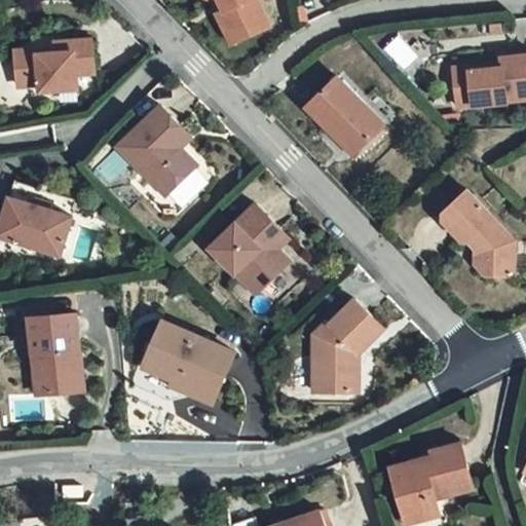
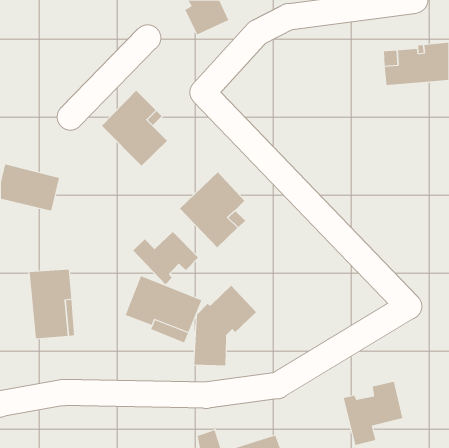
building: [11,41,89,90] -> none
building: [303,78,378,157] -> none
building: [440,192,512,278] -> none
building: none -> [132,231,199,285]
building: [306,300,380,394] -> [194,285,257,366]

